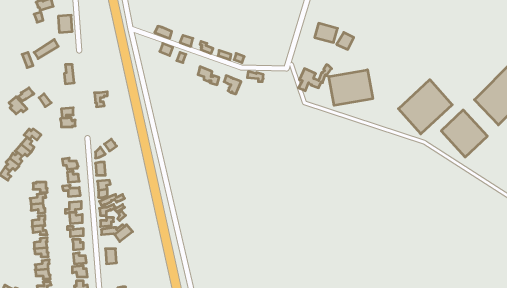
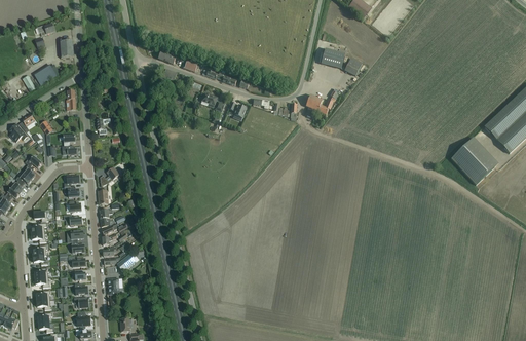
building: [329,70,373,105] -> none
building: [398,80,452,134] -> none

